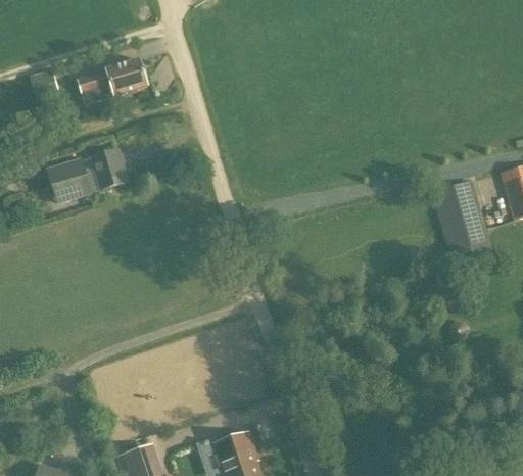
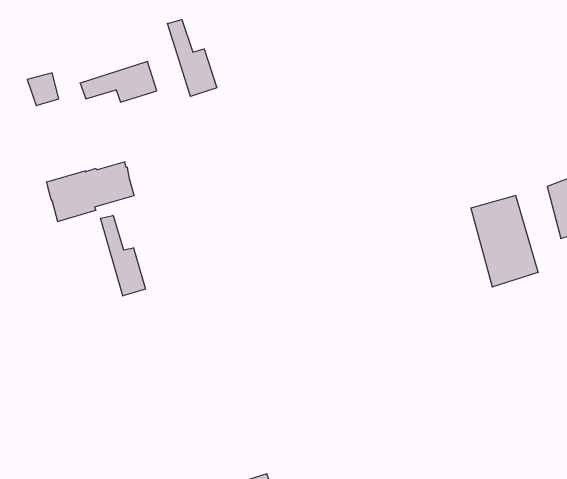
building: none -> [167,20,217,96]
building: none -> [101,215,145,296]

